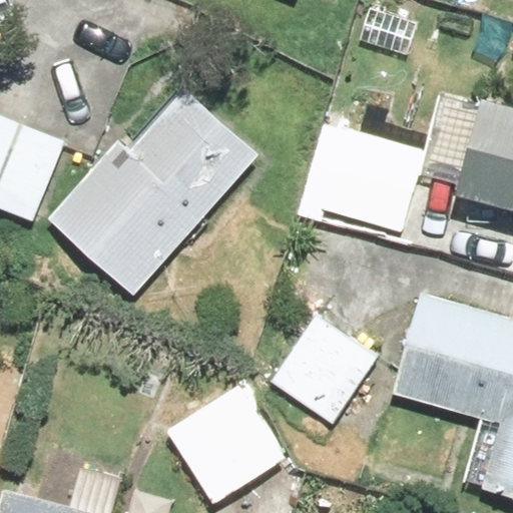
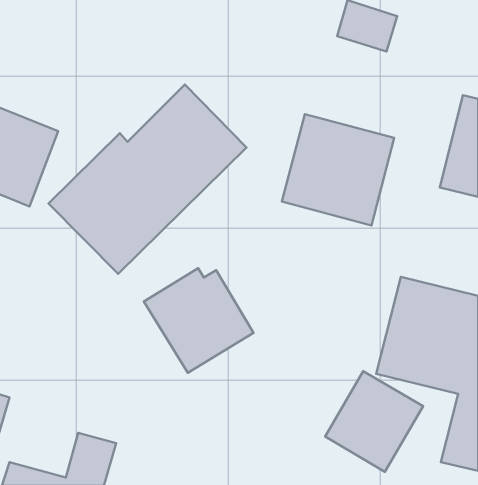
building: [275,316,378,422] -> [325,371,423,472]
building: [169,397,285,507] -> [144,268,253,373]

